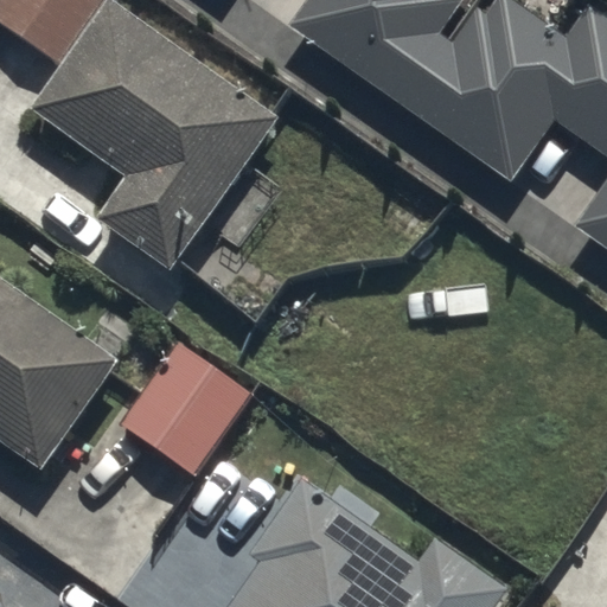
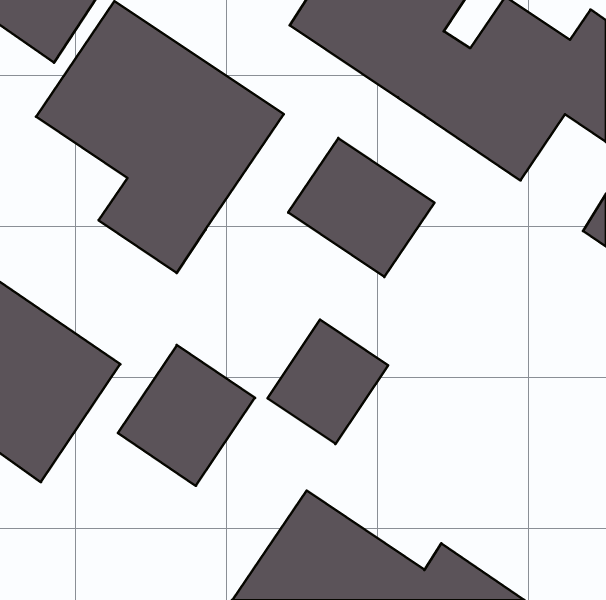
building: none -> [288,138,434,277]
building: none -> [268,320,388,444]

